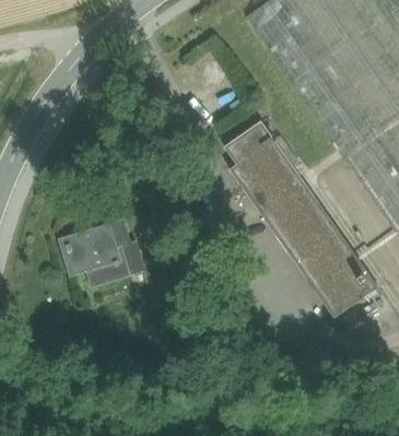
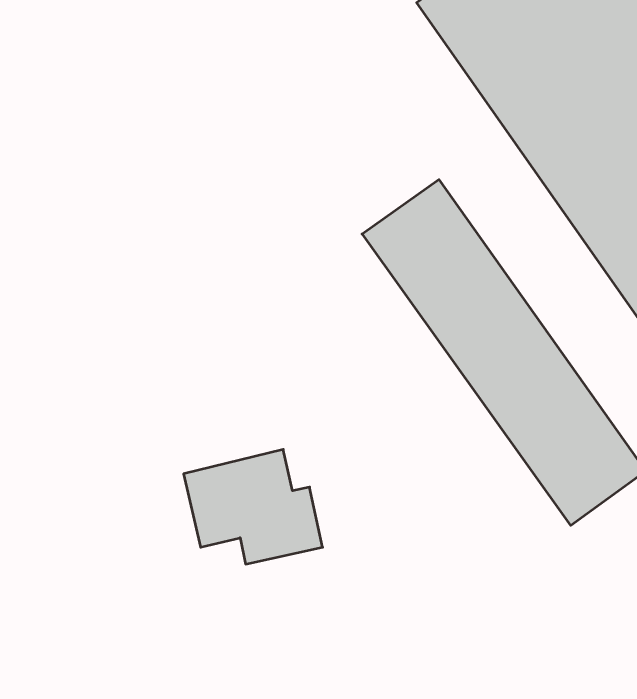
building: [58,217,139,284] -> [184,449,323,564]

